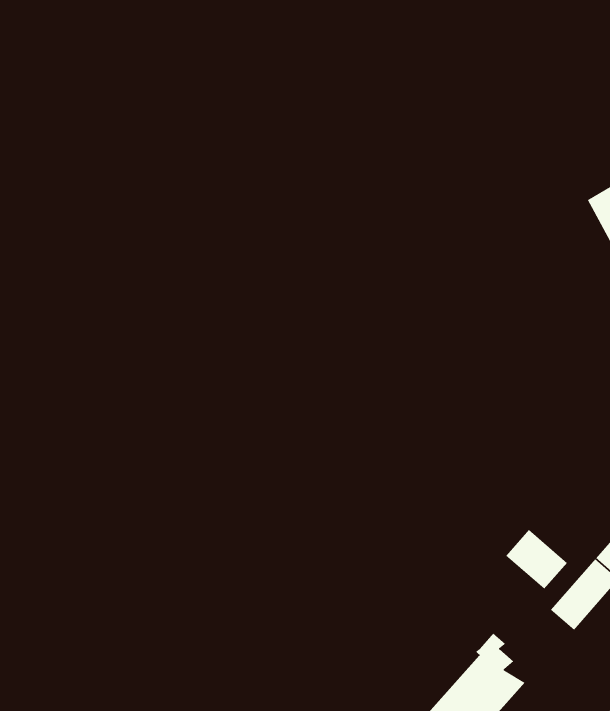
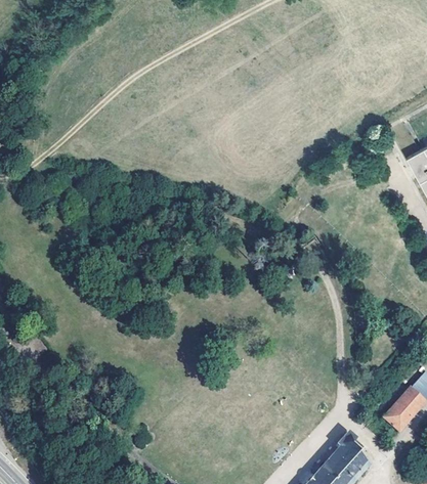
building: [505,529,568,590] -> none

